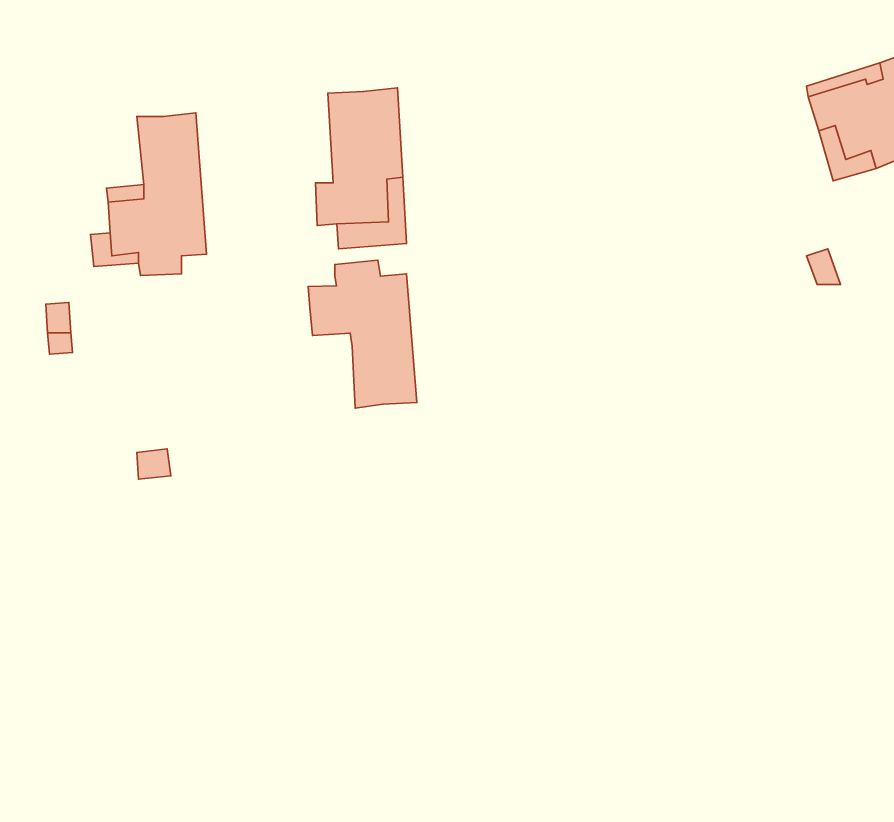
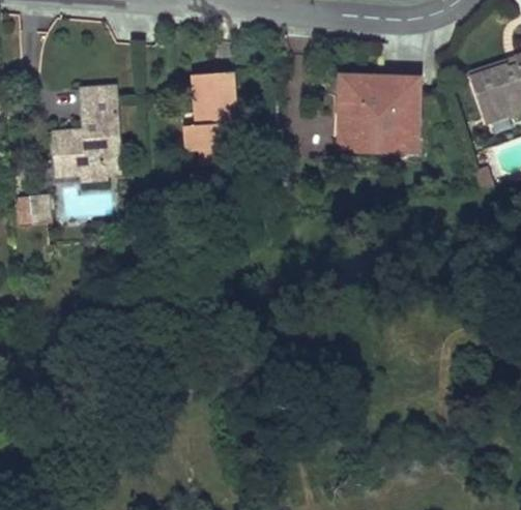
building: none -> [337,72,417,151]
building: [308,260,417,408] -> none

